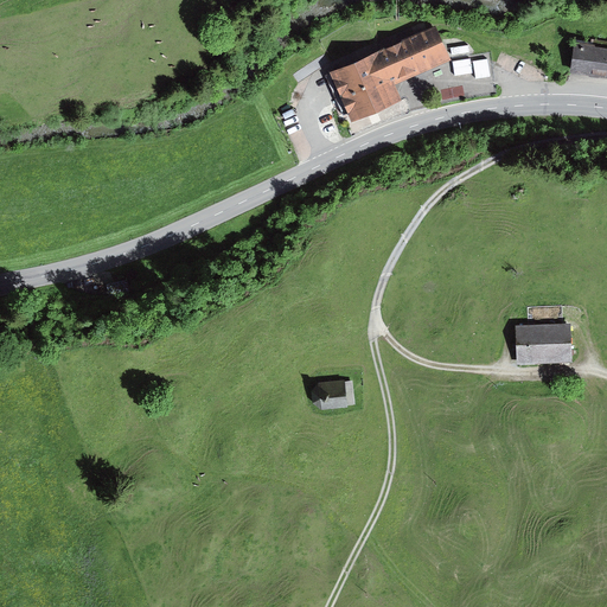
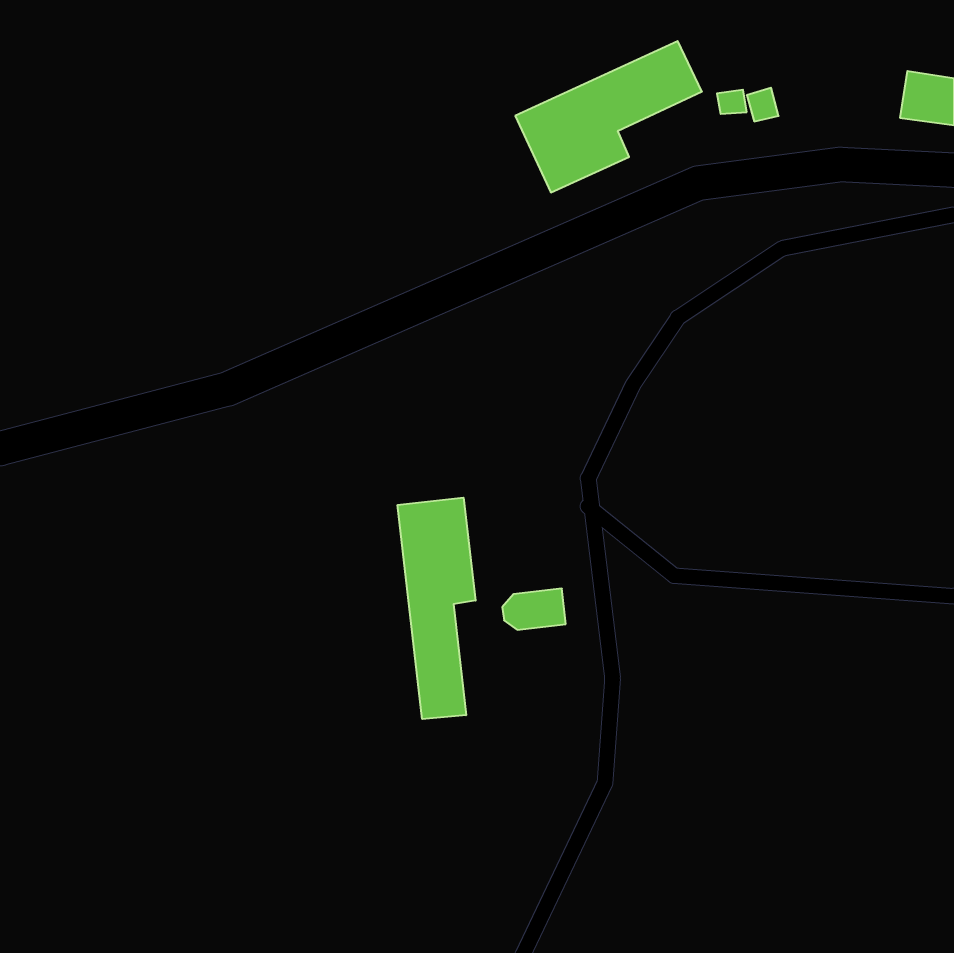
building: none -> [398,498,476,719]
building: [517,322,570,362] -> none

